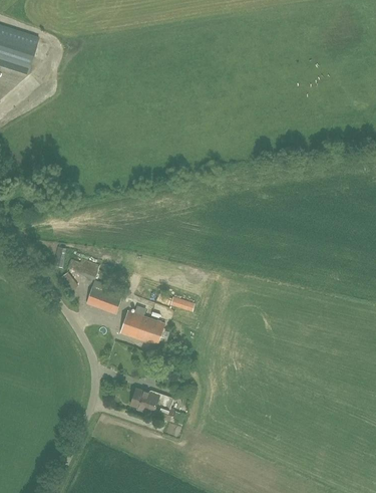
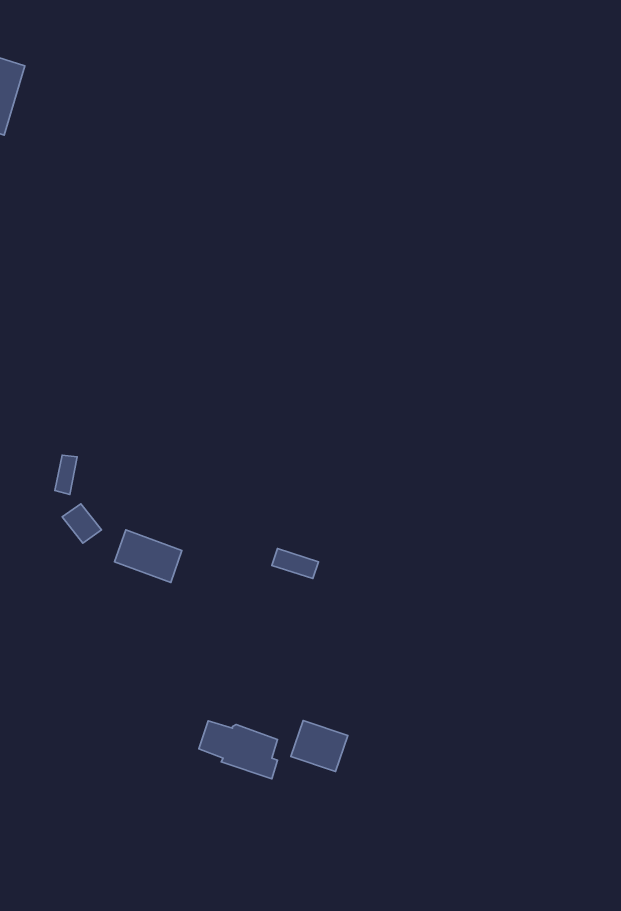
building: [121,311,164,345] -> none
building: none -> [291,721,348,771]

